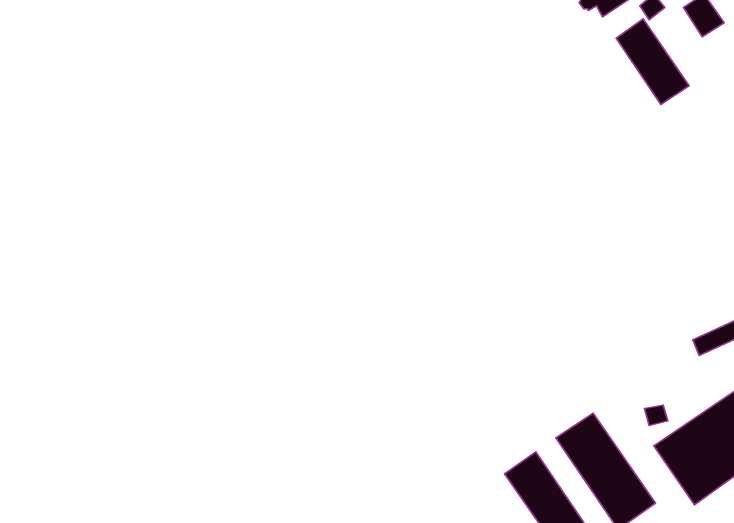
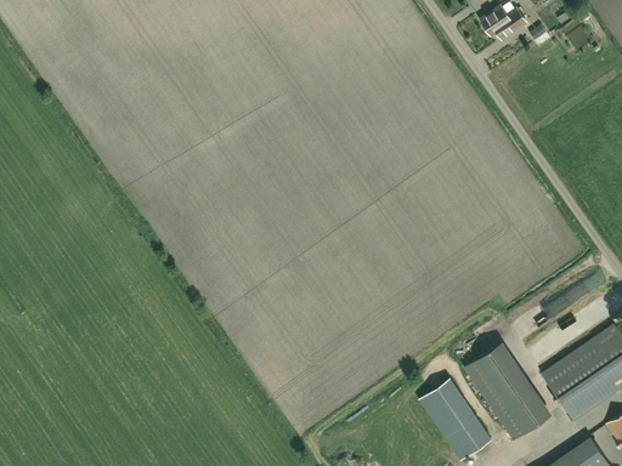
building: [616,19,689,105] -> none

